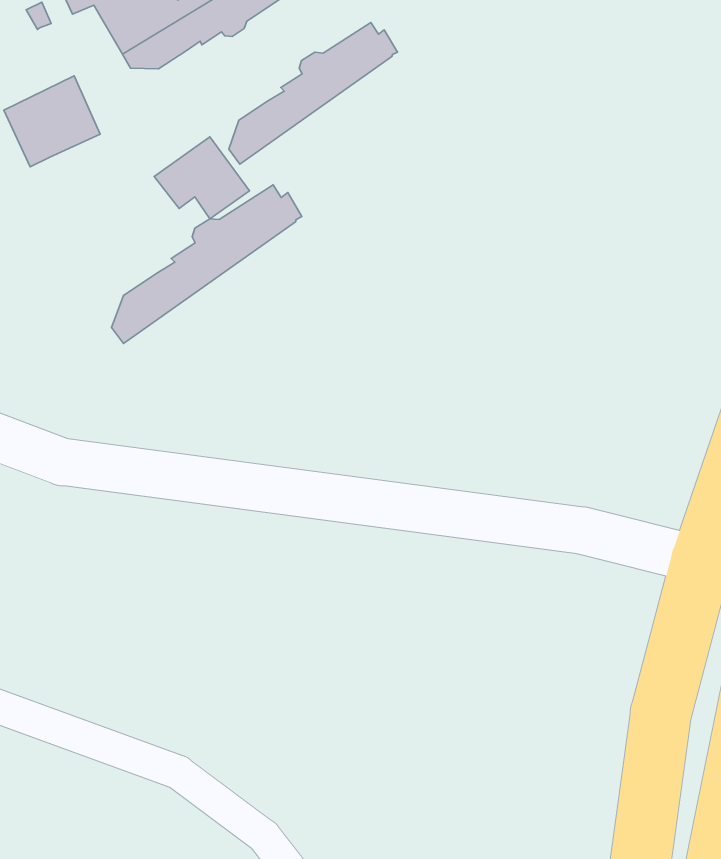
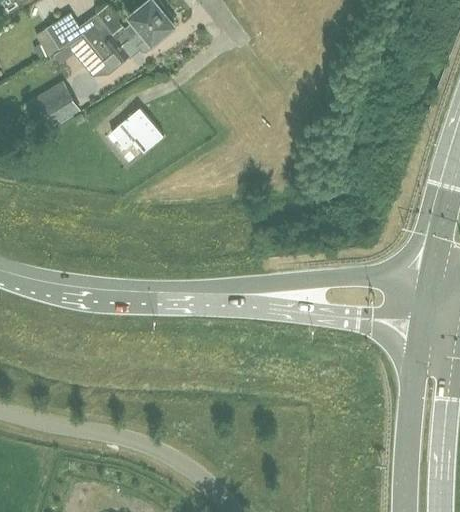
building: [229,23,397,164] -> none
building: [111,185,302,344] -> none

